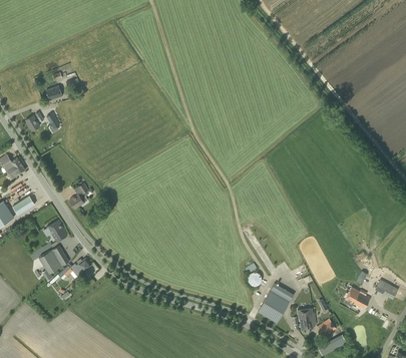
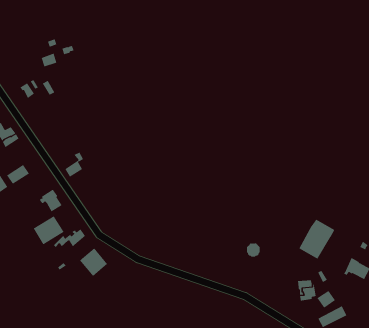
building: none -> [79,248,108,277]
building: [258,283,294,323] -> [299,219,335,260]

